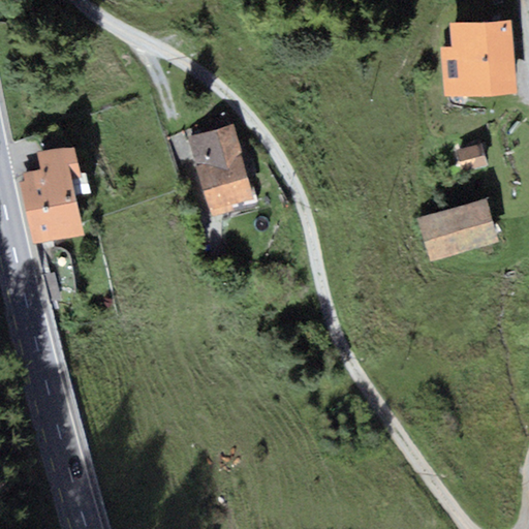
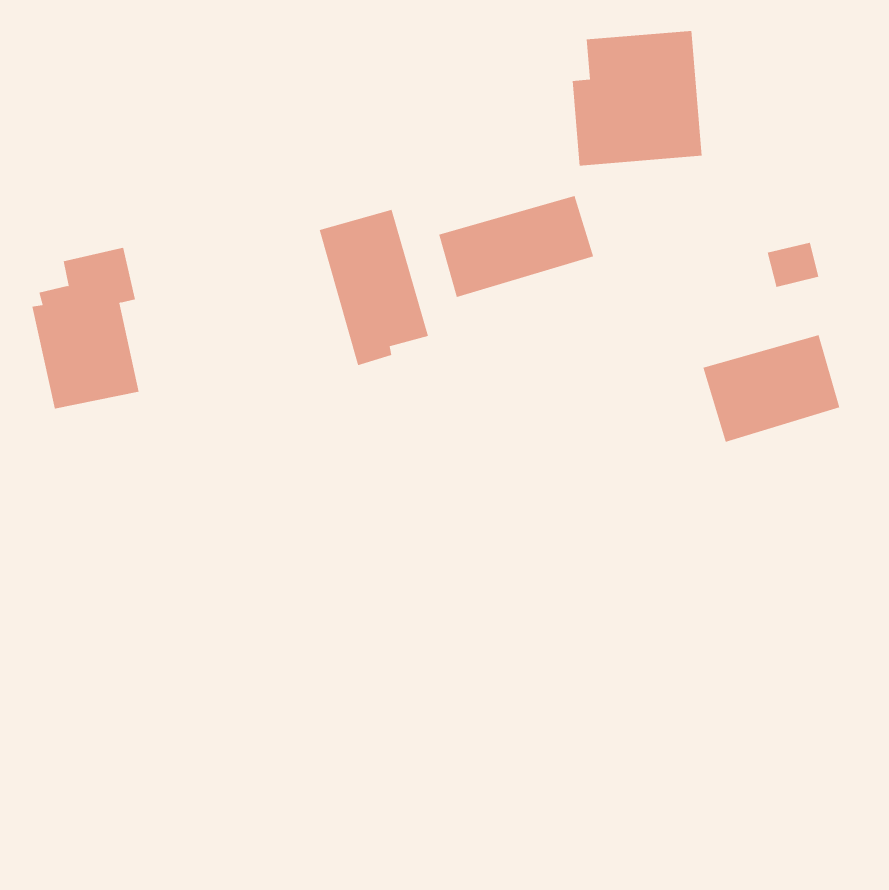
building: [440,18,518,98] -> [572,30,703,166]
building: none -> [438,195,594,298]

